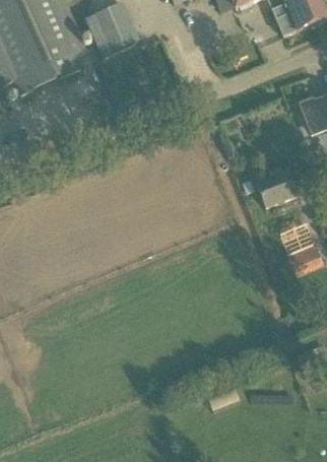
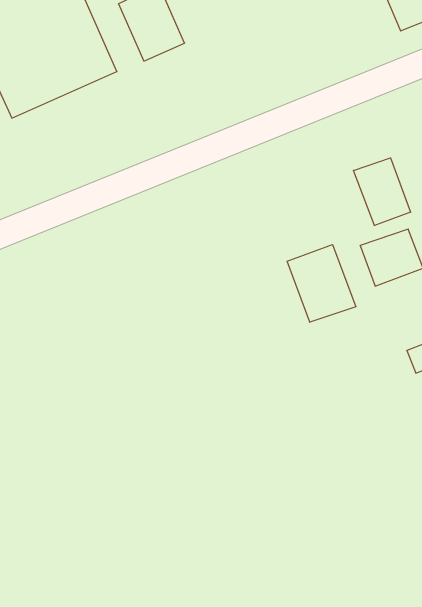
building: none -> [353,158,411,226]
building: none -> [287,245,356,322]

